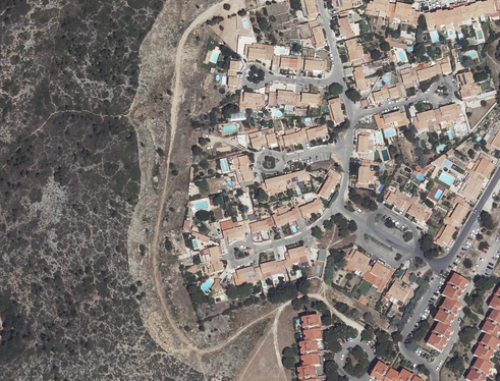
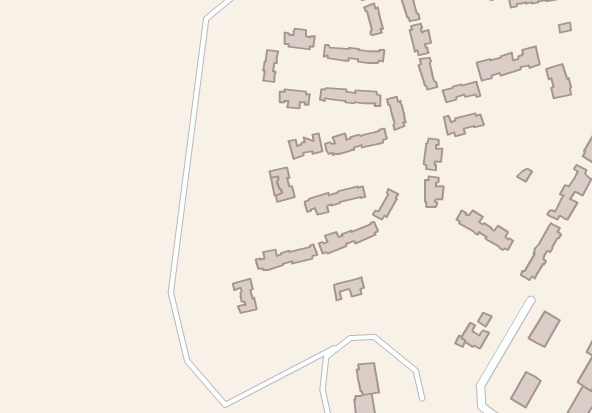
building: [413,105,462,128] -> none
building: [345,251,389,286] -> none
building: [233,260,285,283] -> none
building: [435,296,460,325] -> none

